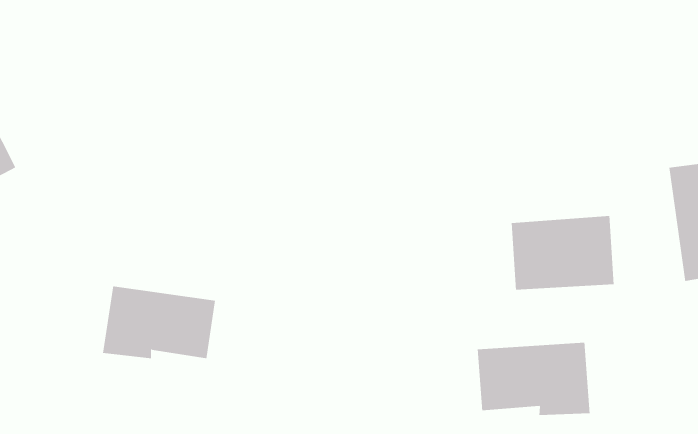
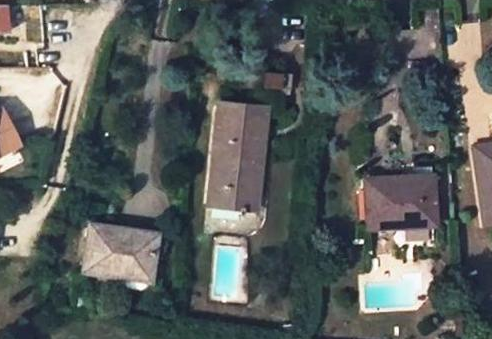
building: none -> [209,104,266,204]
building: [477,342,590,416] -> none

